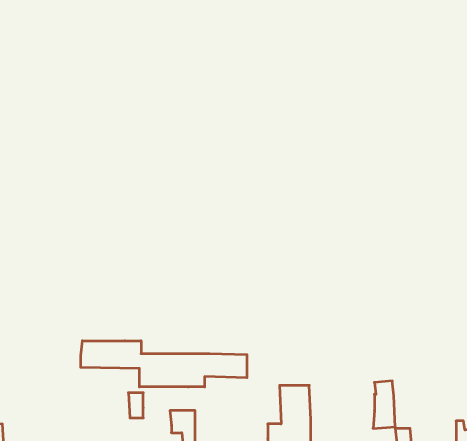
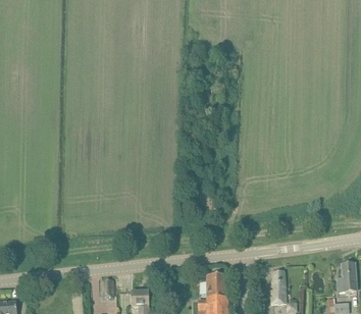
building: [81,341,247,387] -> none

